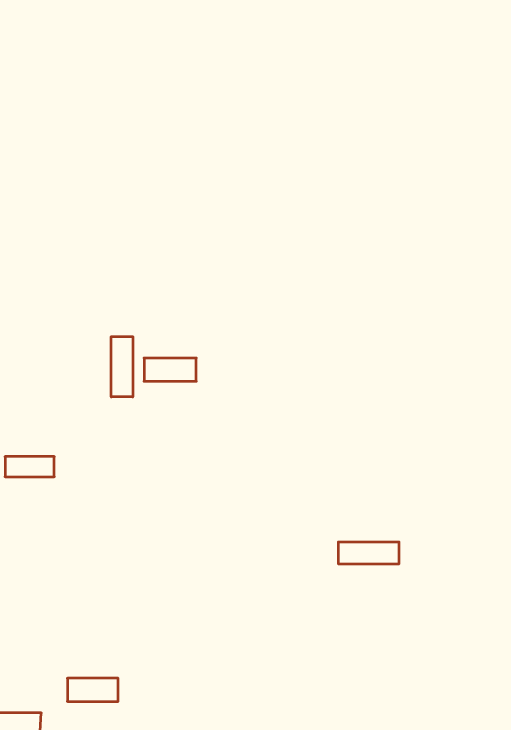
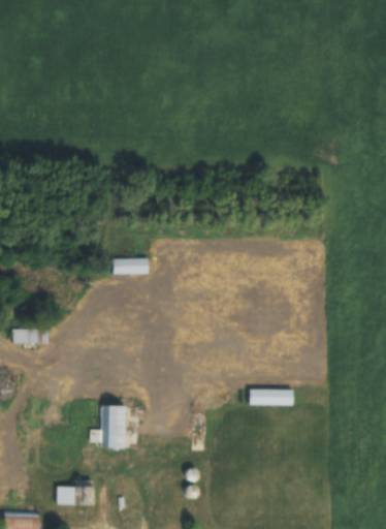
building: [111,337,133,397] -> none
building: none -> [89,404,127,448]

